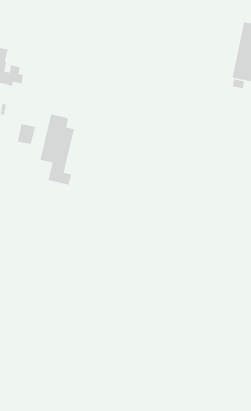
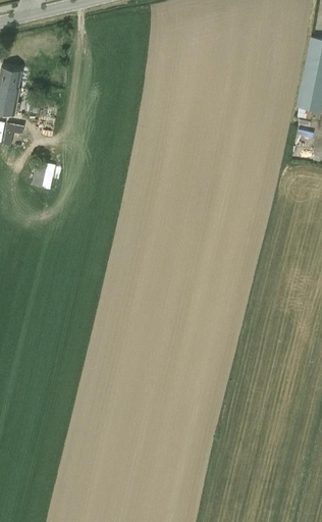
building: [40,114,75,185] -> none

